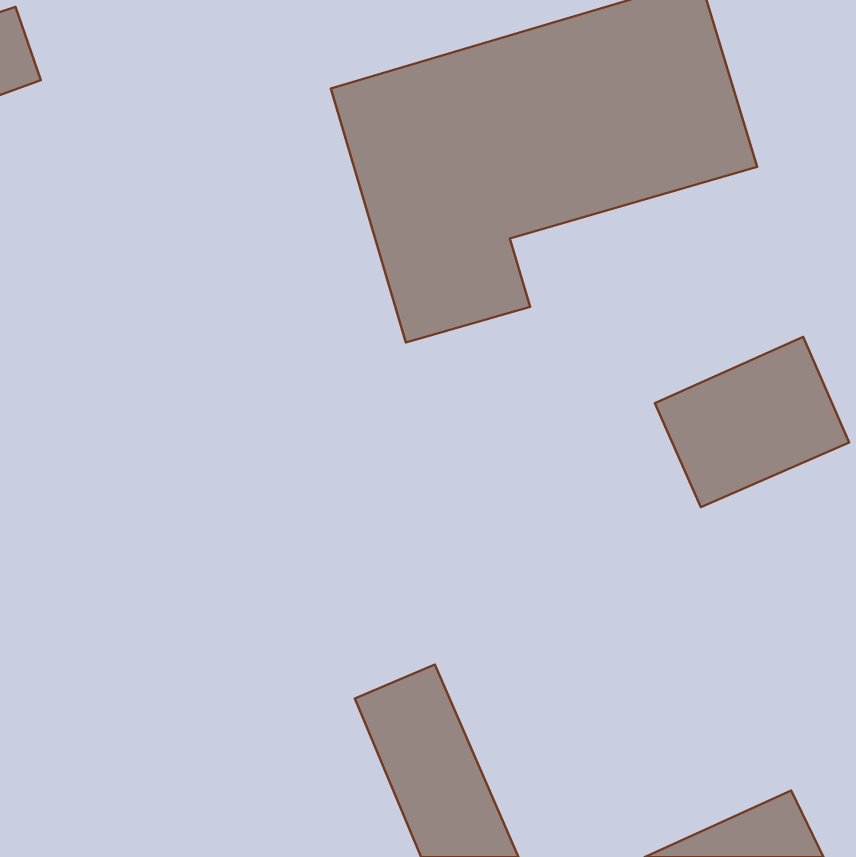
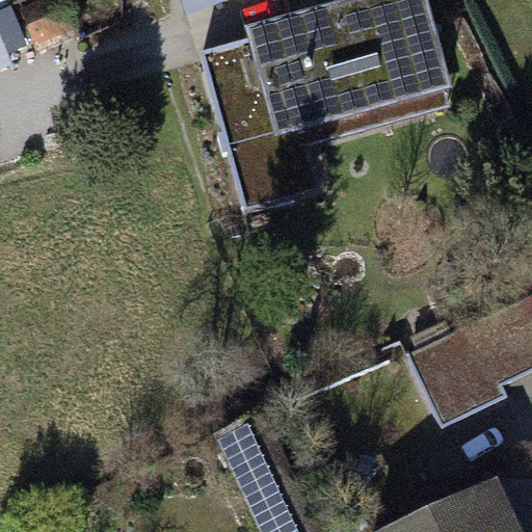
building: [655,337,849,507] -> [389,317,507,421]

